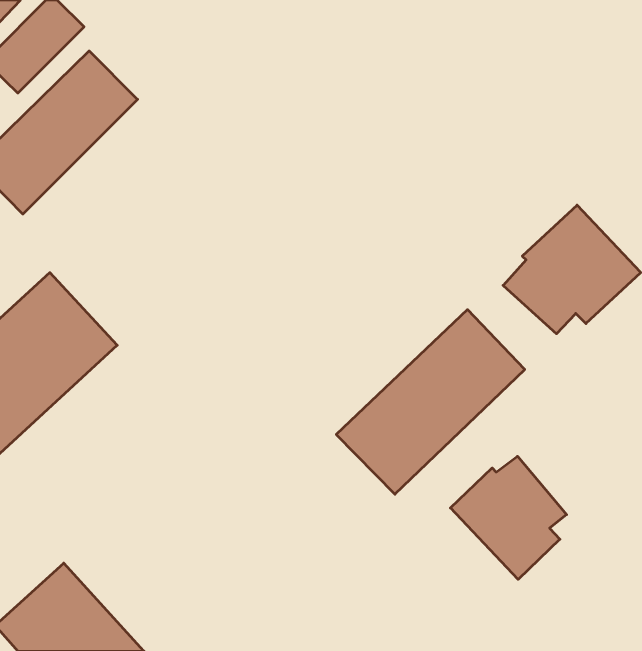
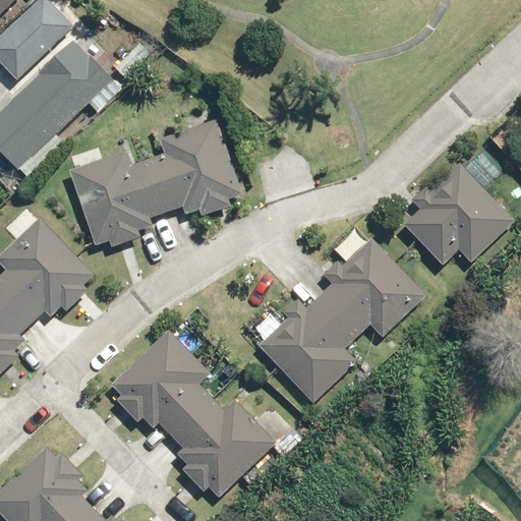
building: none -> [71,121,238,238]
building: none -> [111,335,268,489]
building: [450,456,567,579] -> none

